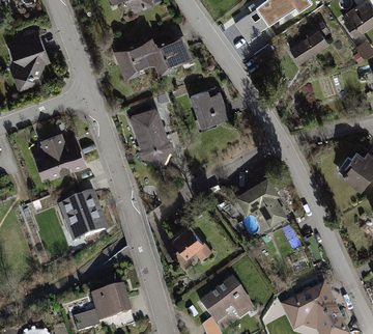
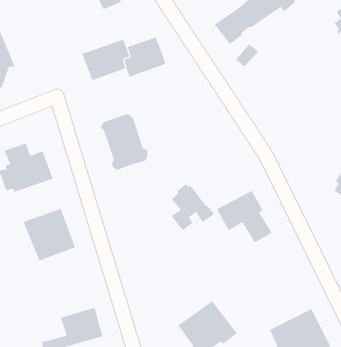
building: [287,20,328,63] -> none
building: [188,88,227,130] -> none
building: [172,222,212,266] -> [171,183,215,231]

